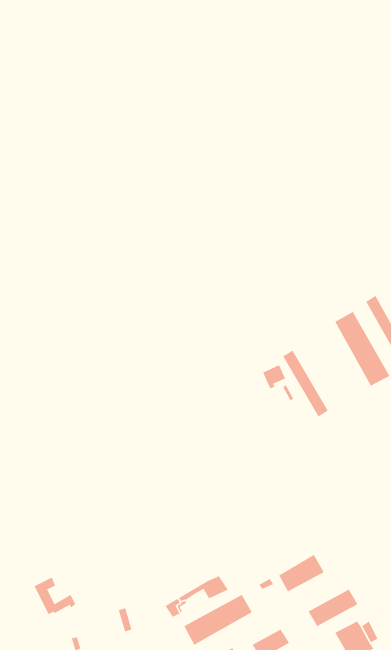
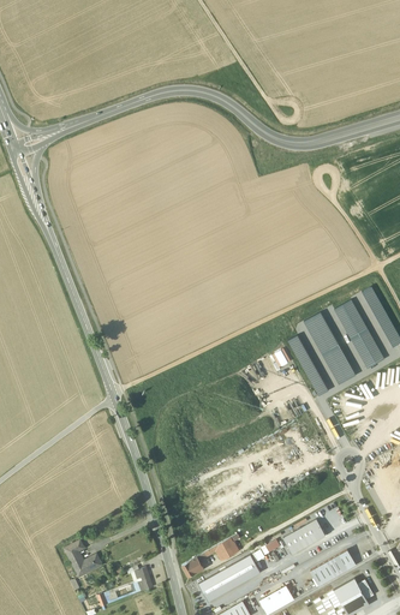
building: none -> [303,312,356,384]

